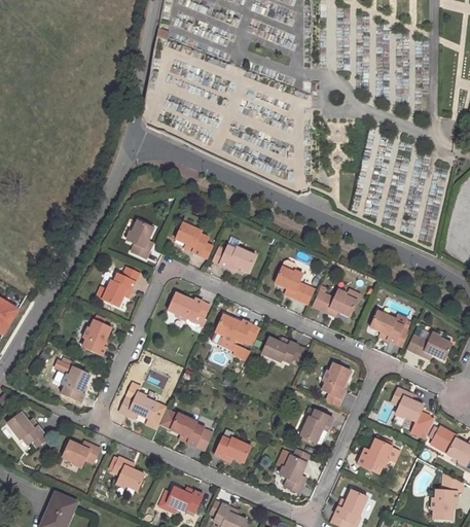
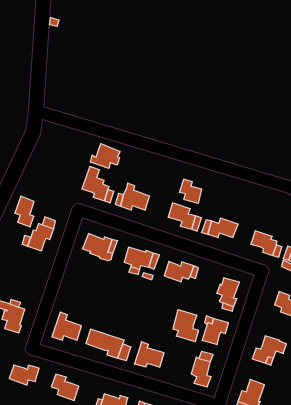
building: none -> [90,144,120,168]
building: [128,220,152,258] -> [15,196,34,227]
building: none -> [180,179,201,203]
building: [82,319,110,355] -> none
building: none -> [173,310,198,342]

